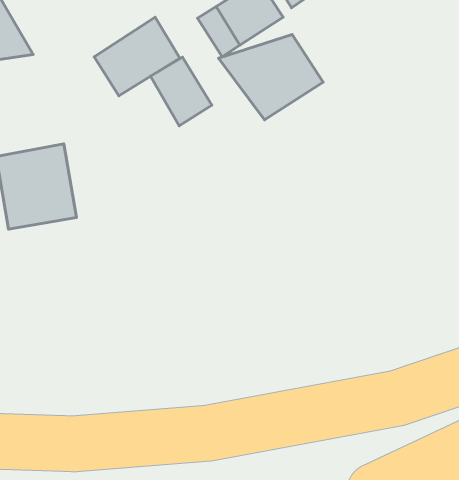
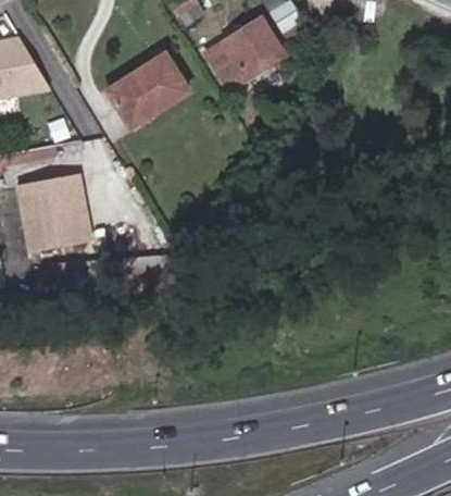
building: [218,35,323,120] -> none
building: [151,57,212,126] -> none

